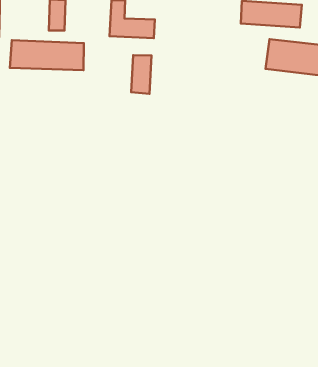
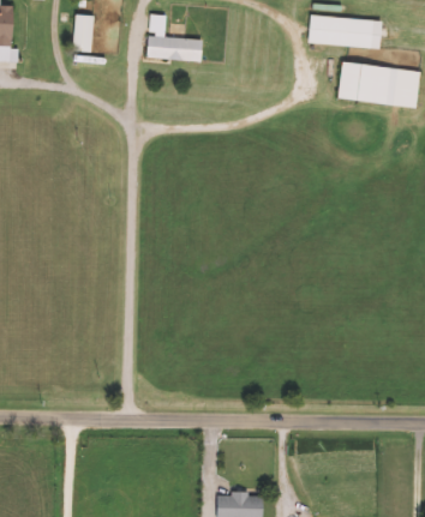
building: [10,40,84,70] -> none
building: [131,55,151,94] -> none

